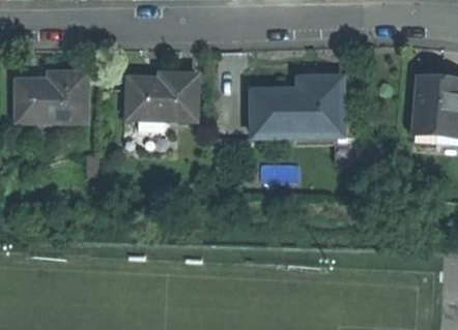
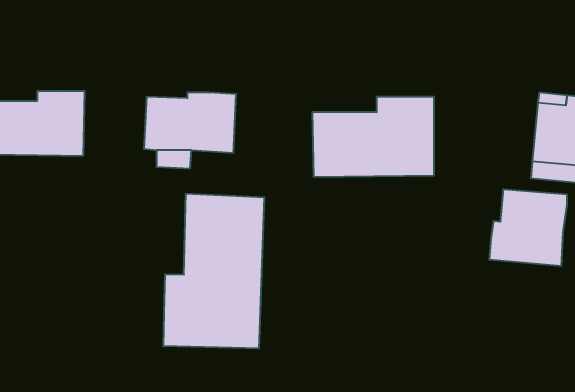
building: none -> [490,189,567,266]
building: none -> [163,194,264,349]

